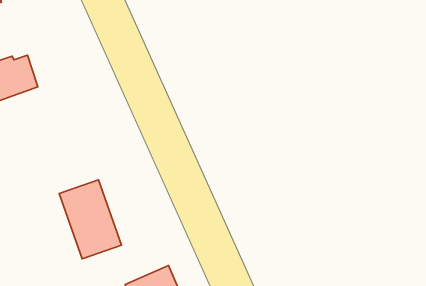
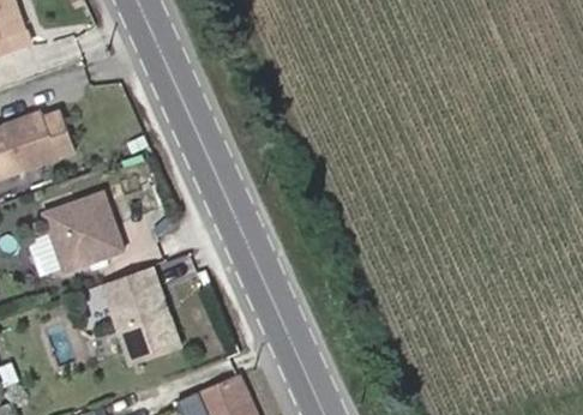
building: none -> [41,193,121,272]

